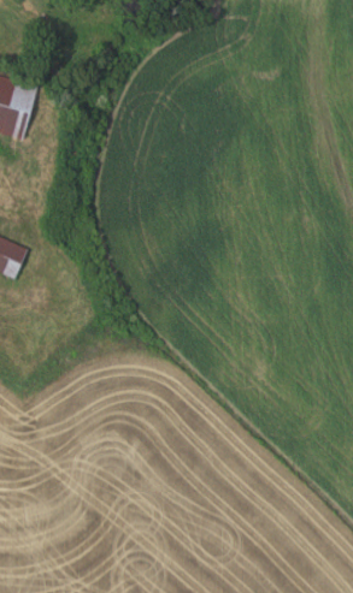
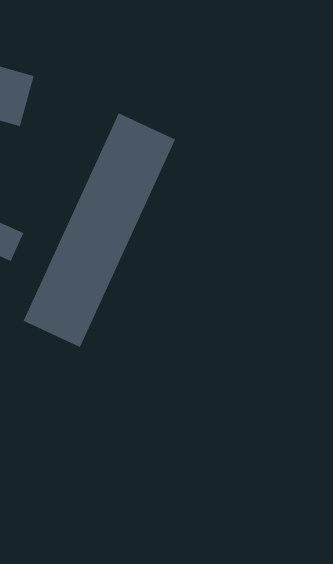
building: none -> [23,112,176,348]

